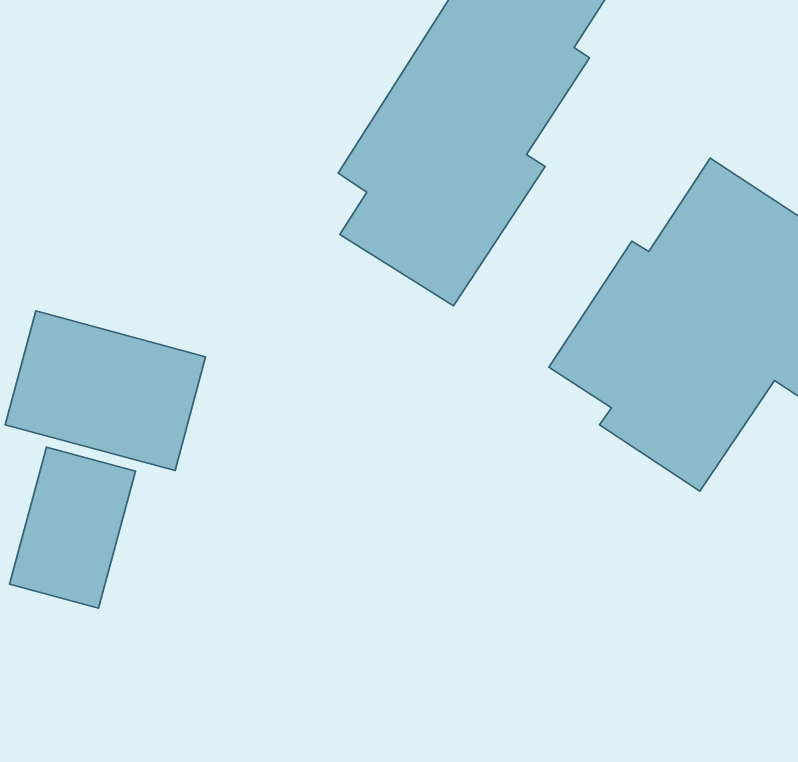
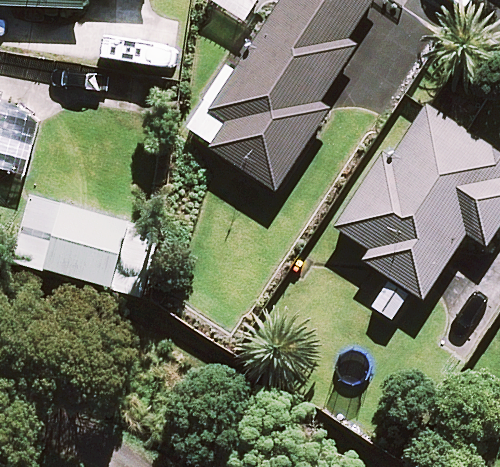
building: [9,447,136,608] -> none

